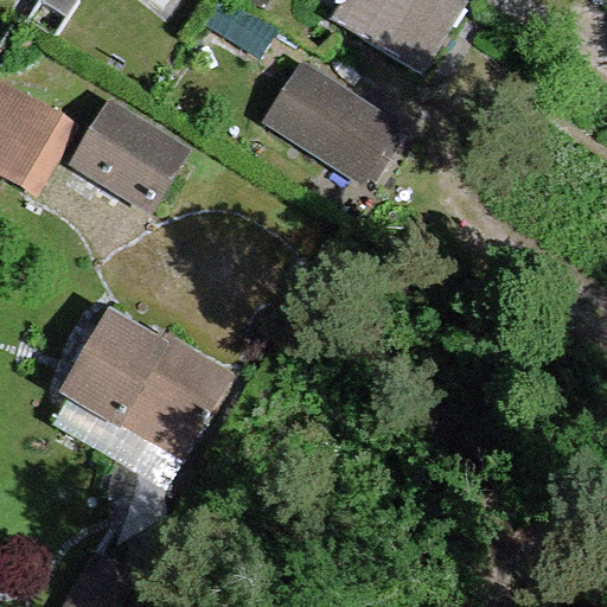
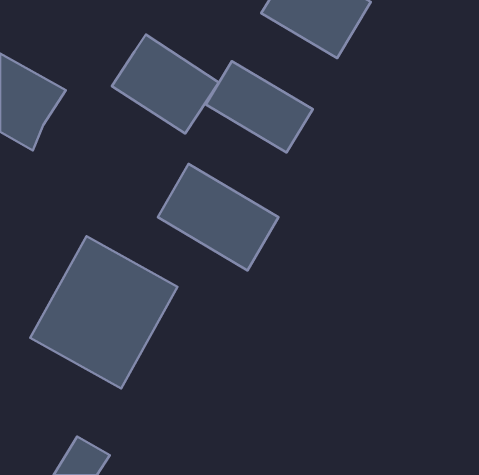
building: [56,92,191,217] -> [112,35,219,133]
building: none -> [158,164,278,270]

